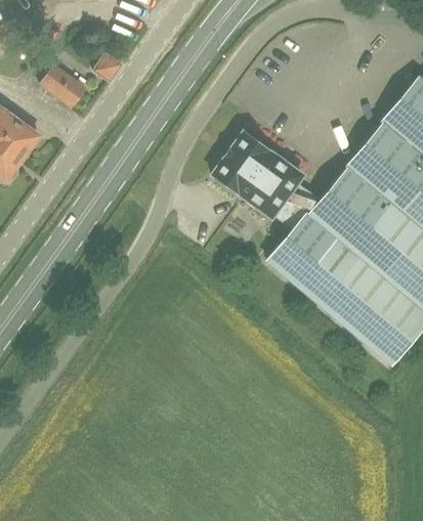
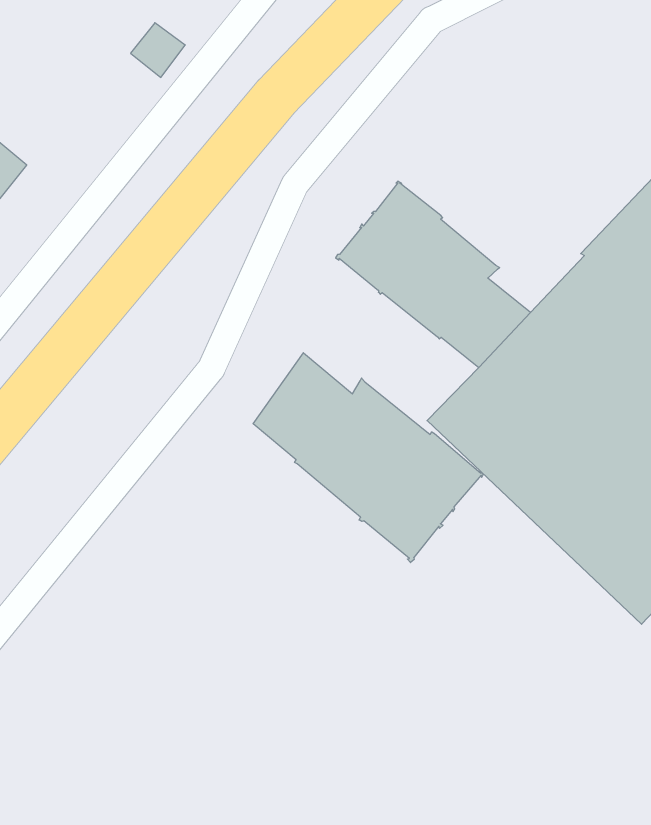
building: [39,64,85,106] -> none
building: none -> [253,353,483,563]

